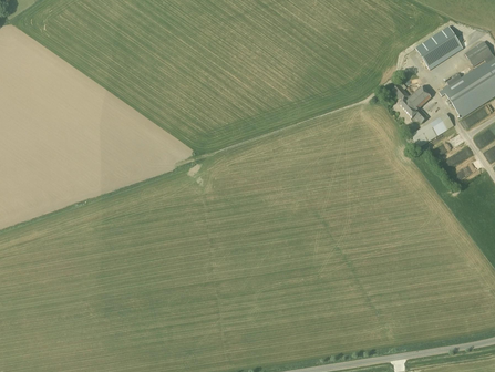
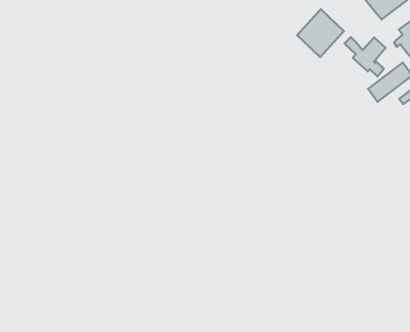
building: none -> [297,9,344,57]

